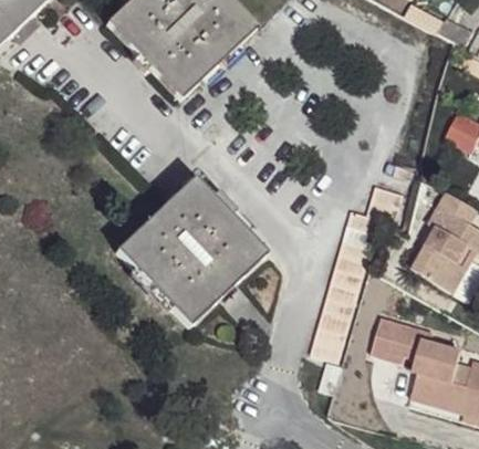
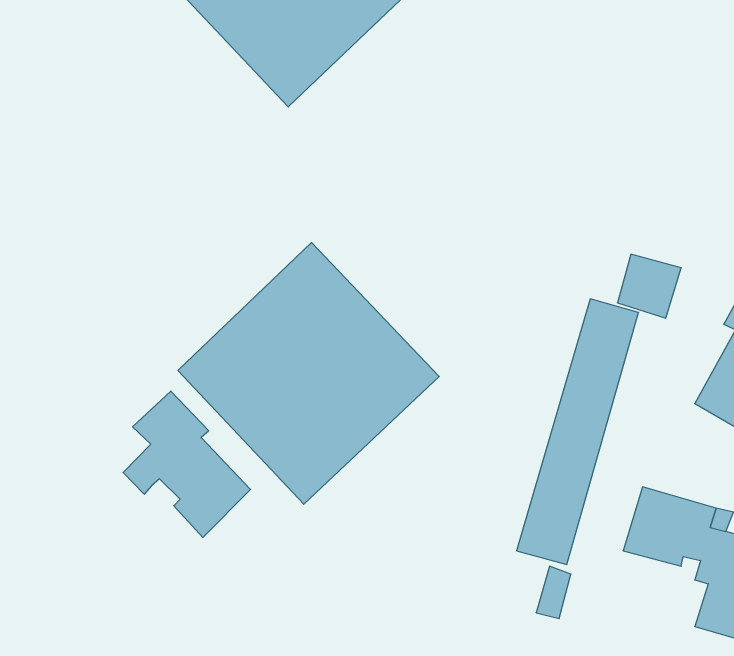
building: none -> [123,391,251,537]

